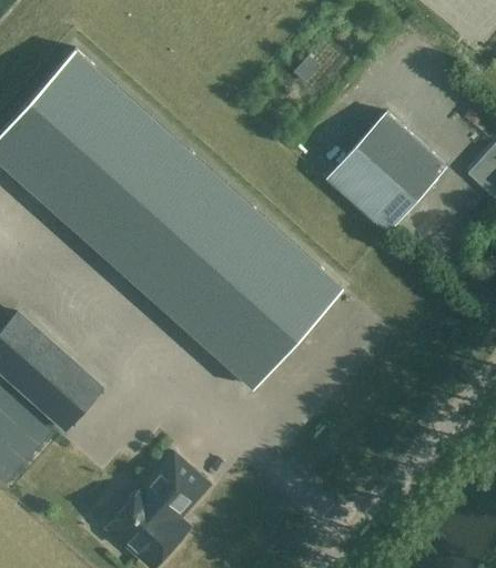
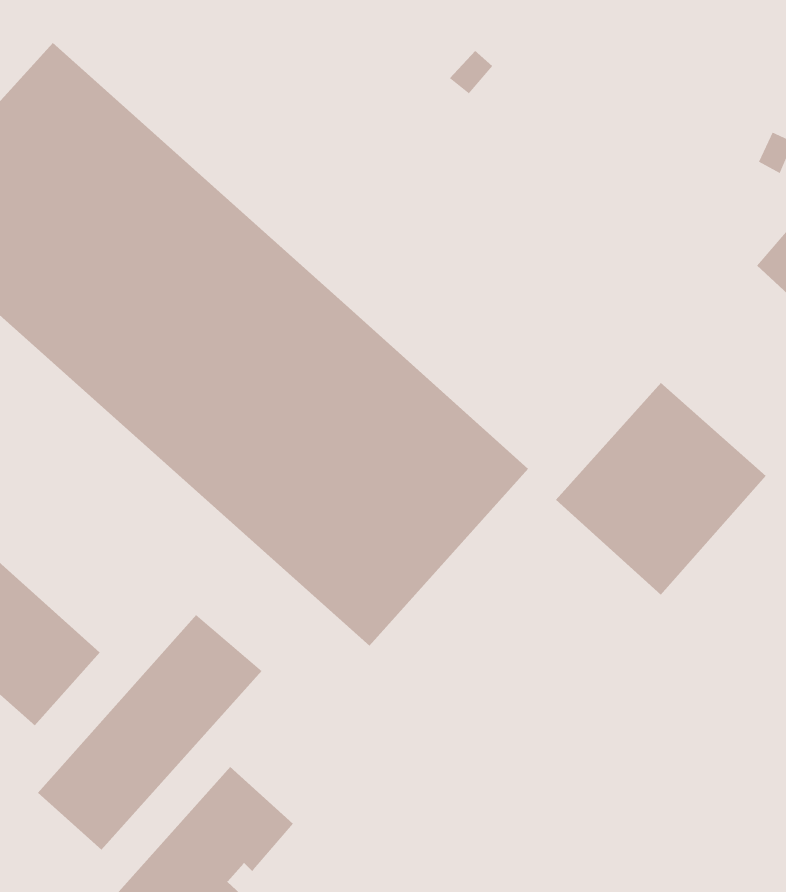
building: [328,115,446,234] -> [555,382,766,595]
building: none -> [37,614,263,850]

